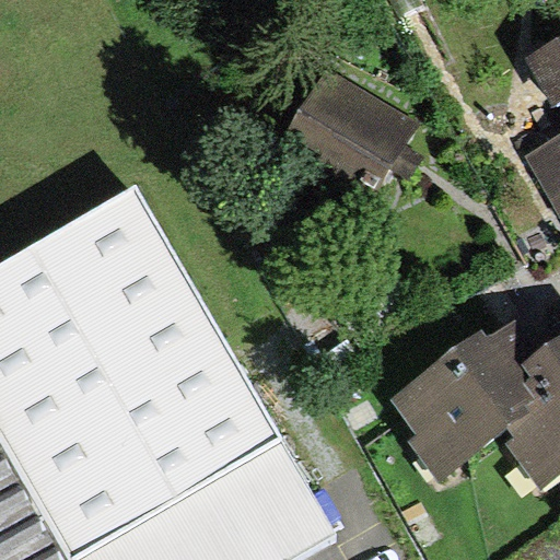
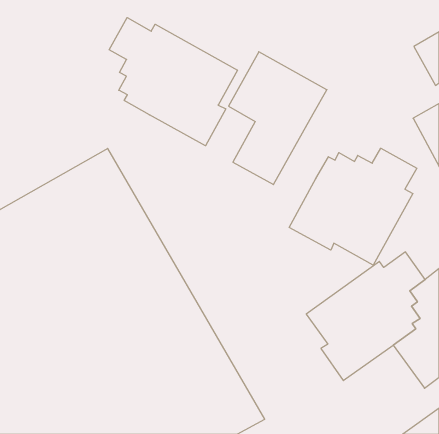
building: none -> [109,18,237,146]
building: none -> [289,148,417,265]

